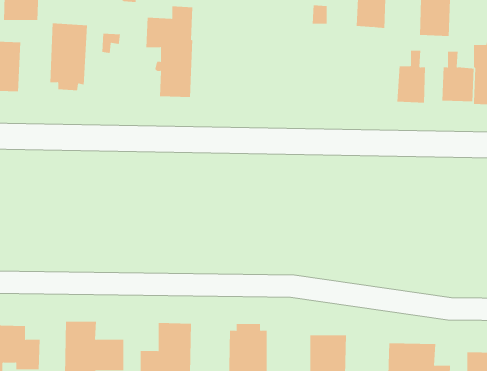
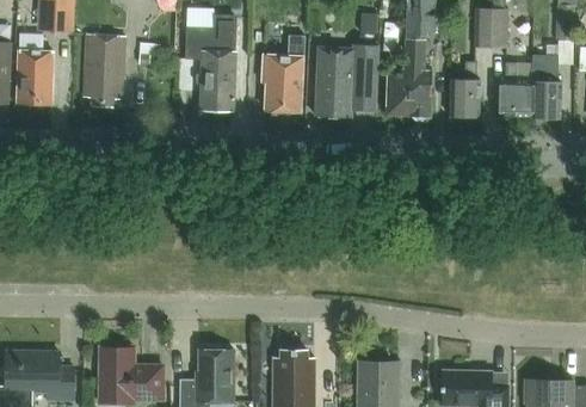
building: none -> [261,36,303,115]
building: none -> [387,37,432,119]
building: none -> [315,43,377,117]

